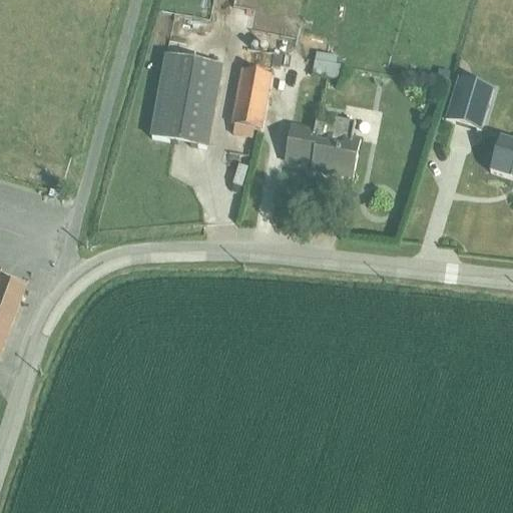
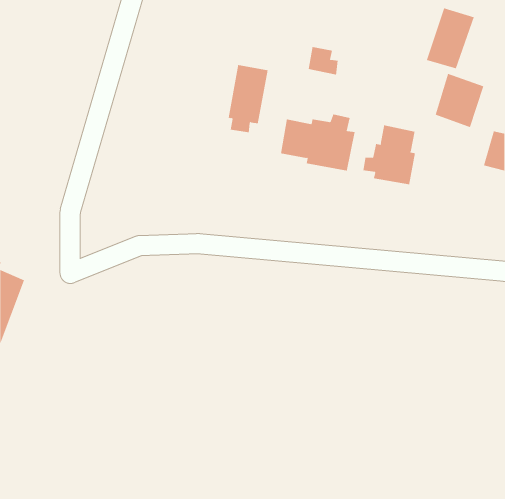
building: none -> [426,8,474,69]
building: [151,51,223,144] -> none
building: none -> [363,125,416,185]

